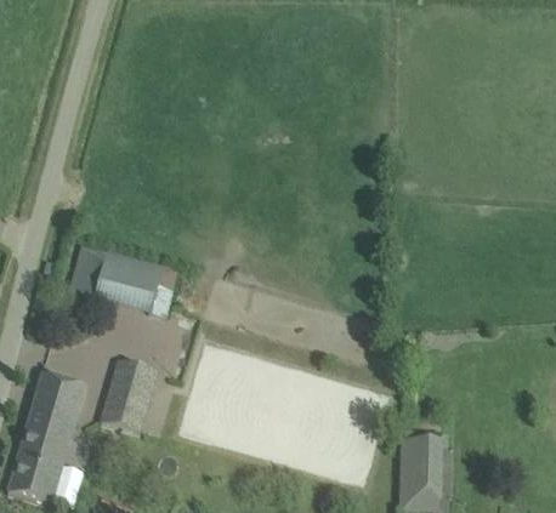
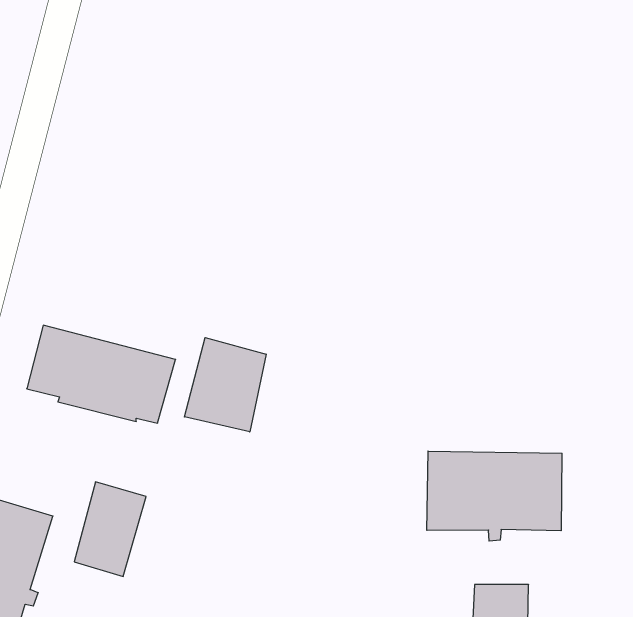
building: none -> [184,338,266,432]
building: none -> [427,451,562,541]

